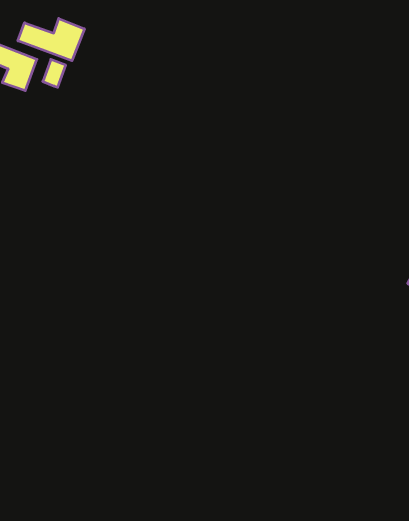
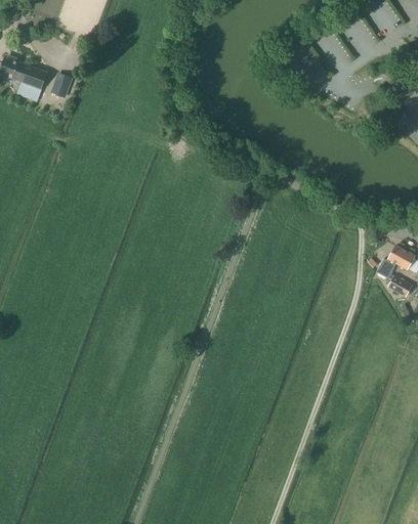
building: [18,18,84,61] -> none

